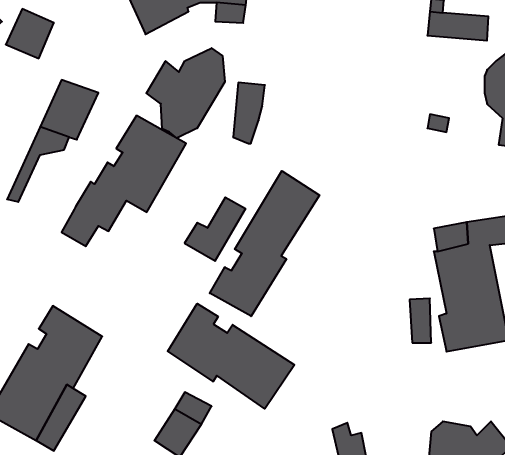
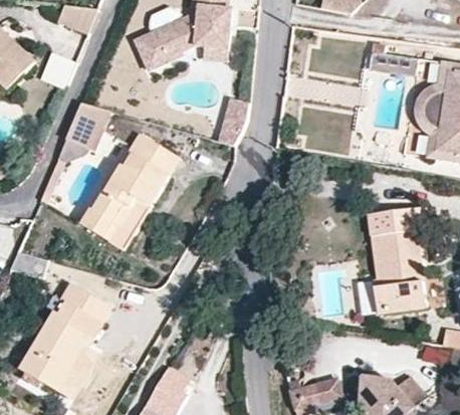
building: [146,48,225,138] -> none
building: [210,171,319,316] -> none
building: [185,197,246,261] -> [98,202,147,252]
building: [168,304,294,409] -> none

